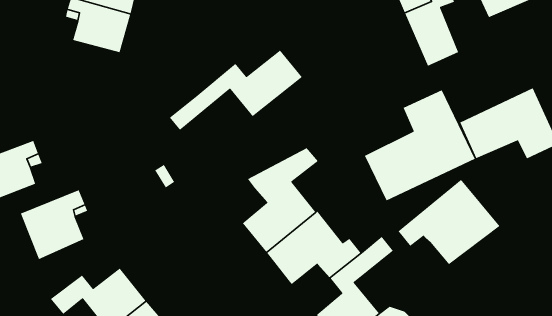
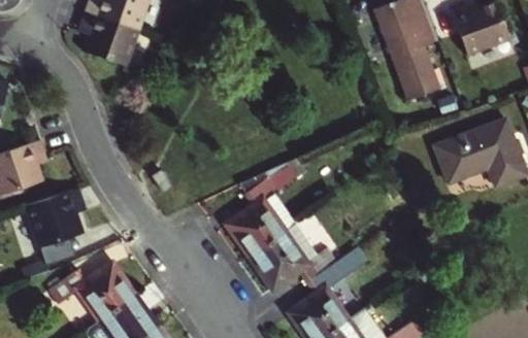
building: [169,49,303,131] -> none
building: [364,89,476,201] -> none
building: [398,179,500,265] -> none

